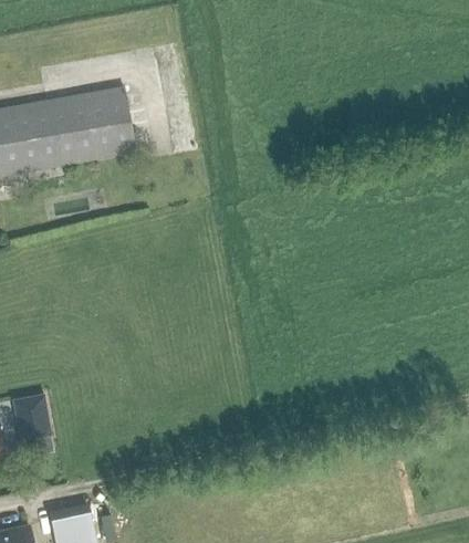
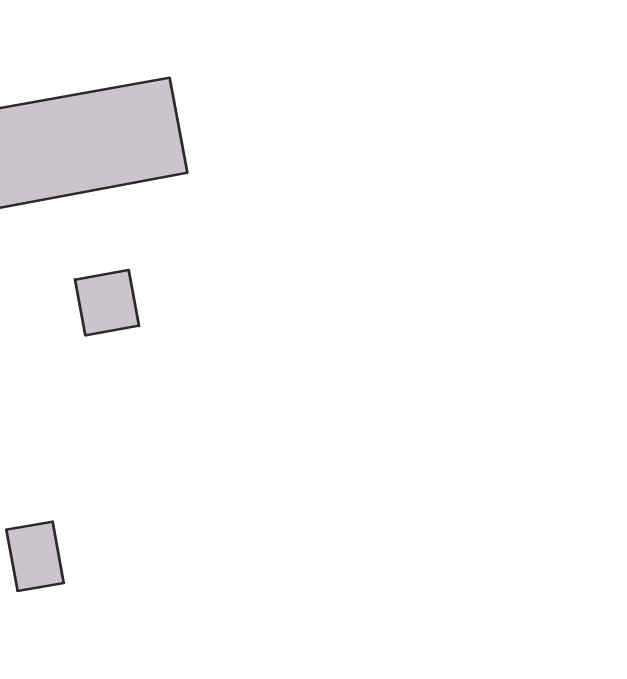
building: none -> [75,270,139,335]

